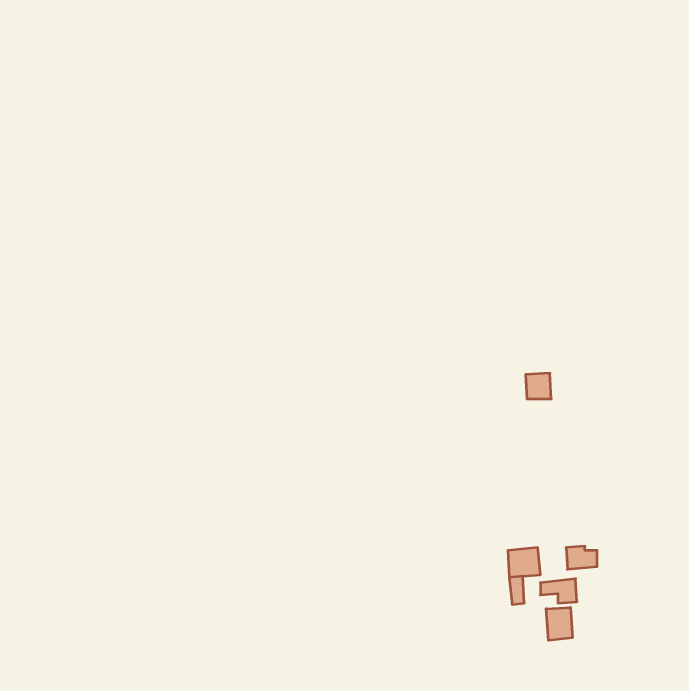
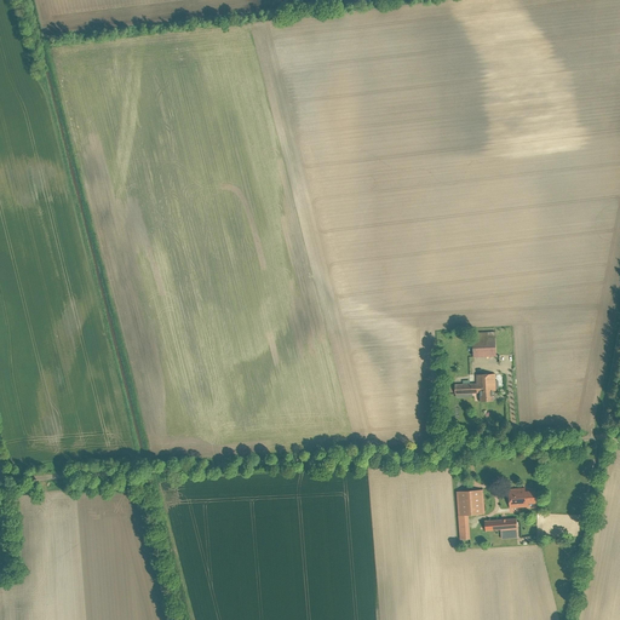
building: none -> [453,374,494,402]
building: [546,607,572,640] -> none

